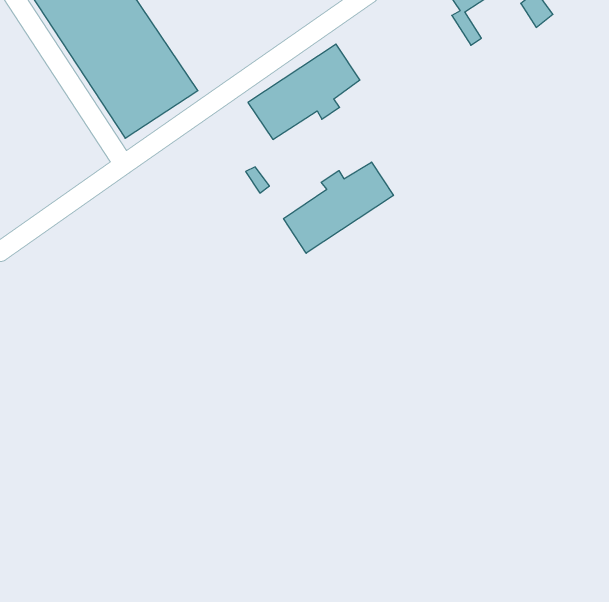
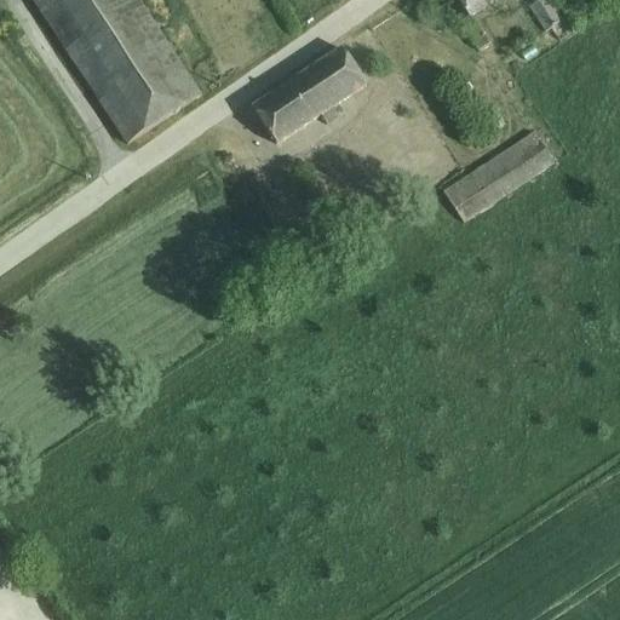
building: none -> [443,128,553,219]
building: [284,162,393,253] -> none

